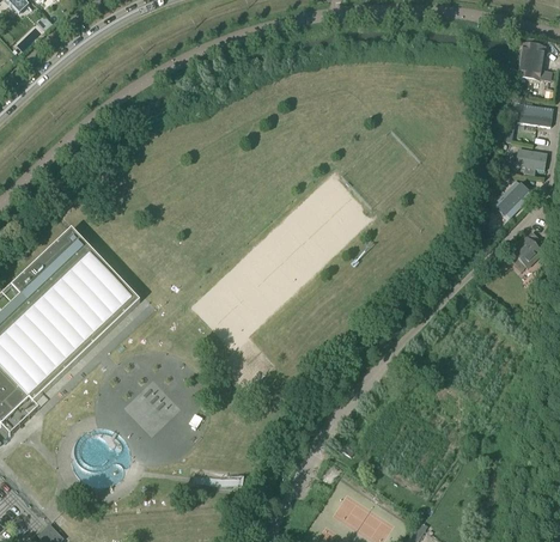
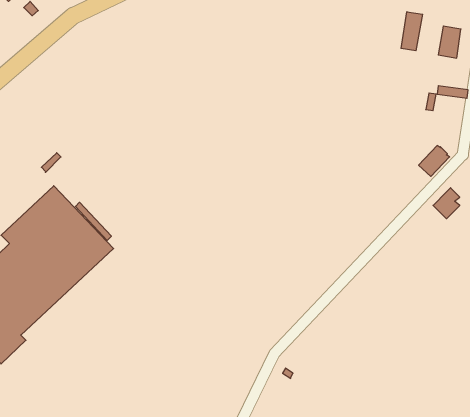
building: none -> [401,12,423,51]
building: [513,147,546,175] -> none

